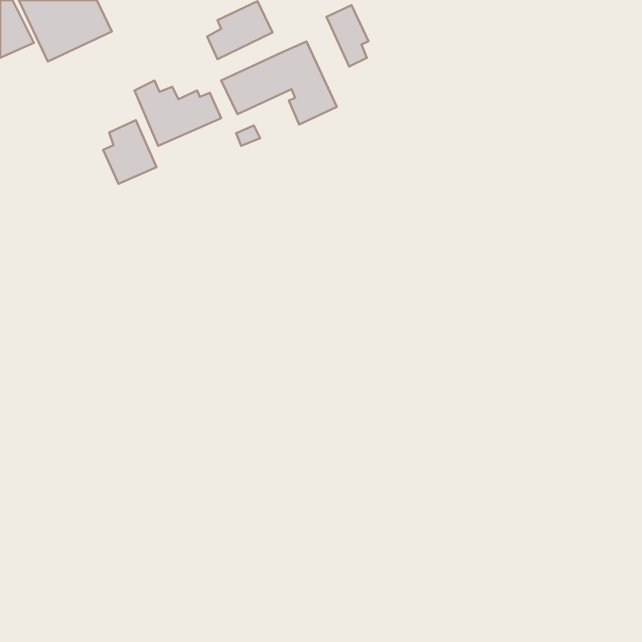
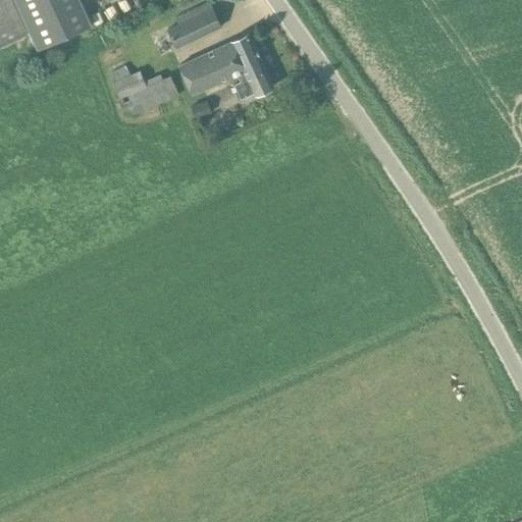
building: [326,5,368,66] -> none
building: [103,120,157,184] -> none

